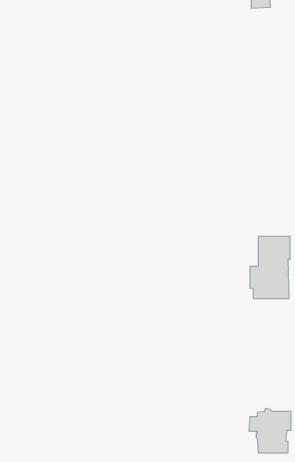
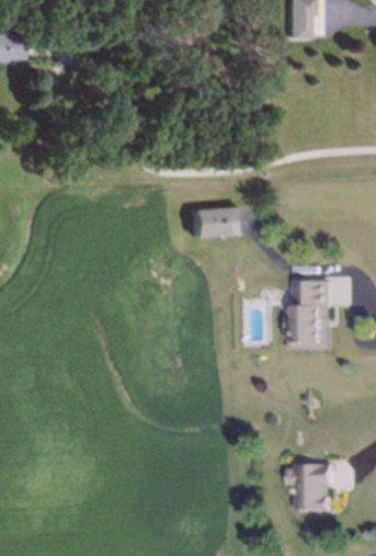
building: none -> [195,206,244,235]

